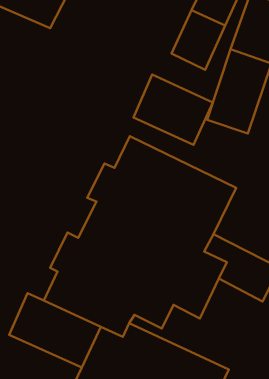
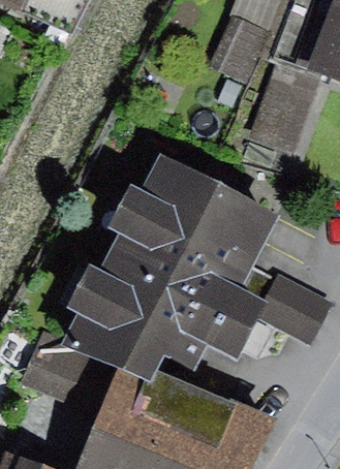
building: [133,75,213,145] -> none

